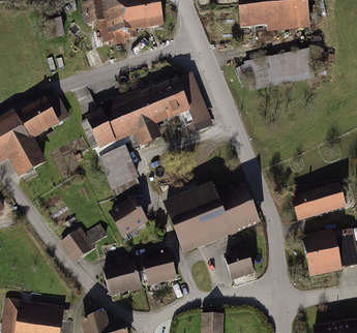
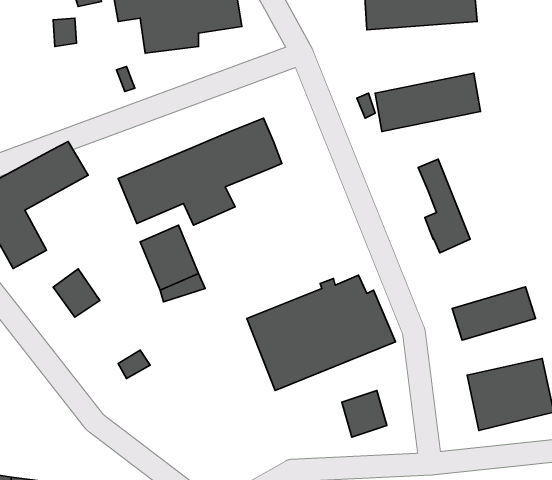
building: [176,75,208,133] -> [418,159,470,253]
building: [111,199,146,238] -> none
building: [61,230,90,260] -> [53,269,100,317]
building: [142,249,176,283] -> none
building: [102,263,140,294] -> none

